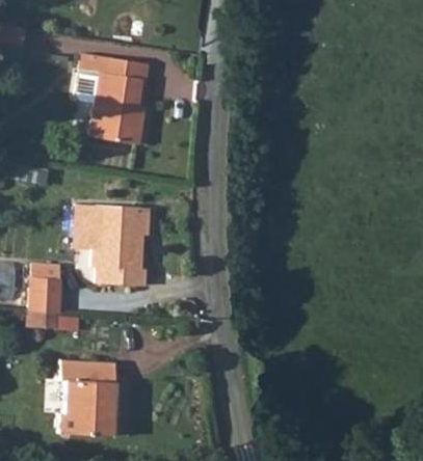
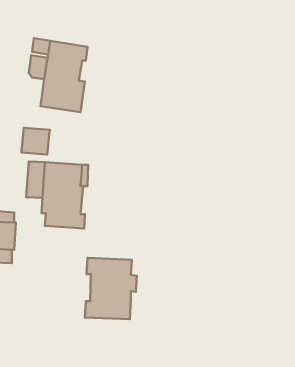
building: none -> [21,128,50,154]
building: [58,360,122,435] -> [85,258,137,319]

